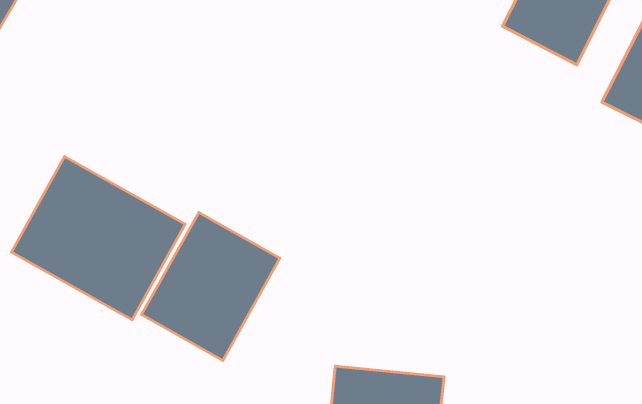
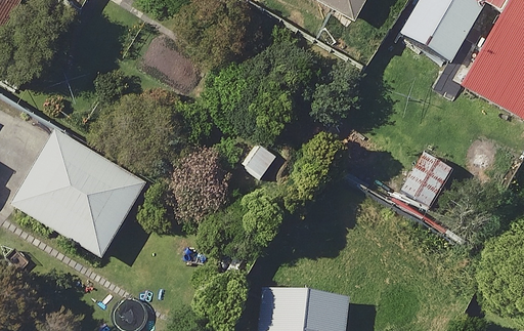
building: [142,212,280,360] -> none

